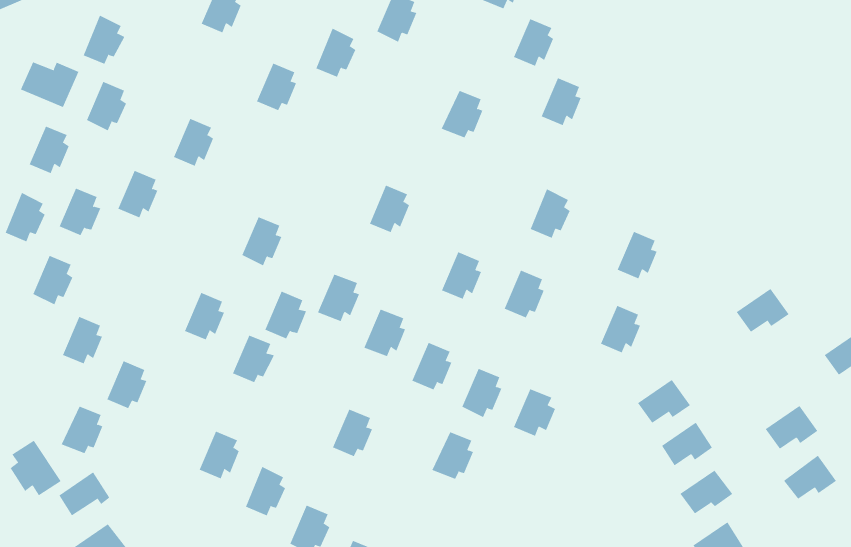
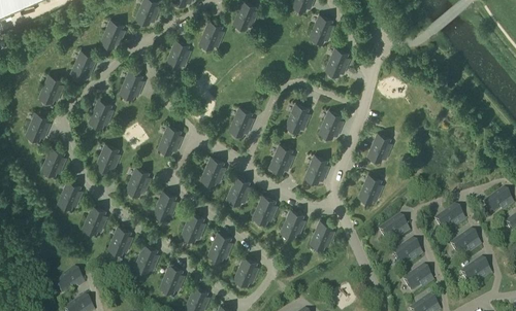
building: [83,15,125,65] -> [100,19,124,46]
building: [20,61,79,108] -> none
building: [441,90,483,138] -> [285,103,309,130]
building: [59,188,101,236] -> [95,143,119,170]
building: [736,288,789,333] -> [434,205,464,230]
building: [264,291,307,339] -> [181,212,204,239]
building: [61,406,103,454] -> [107,226,131,252]
building: [431,431,474,479] -> [233,256,257,283]
building: [10,440,61,496] -> none

